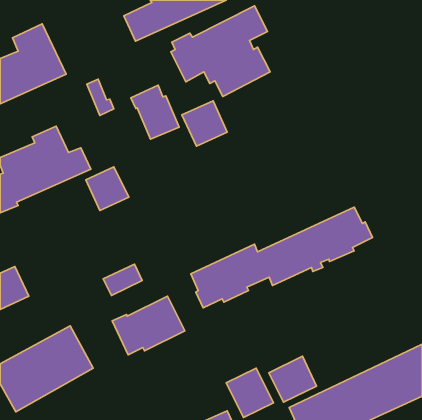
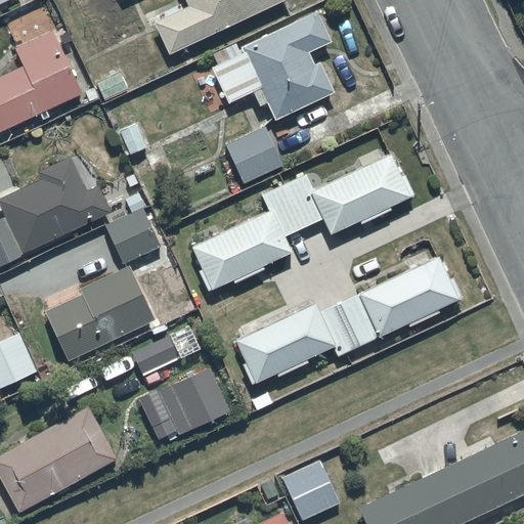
building: [131,85,179,139] -> none
building: none -> [193,156,414,291]
building: none -> [45,266,154,360]
building: [269,356,316,402] -> none

